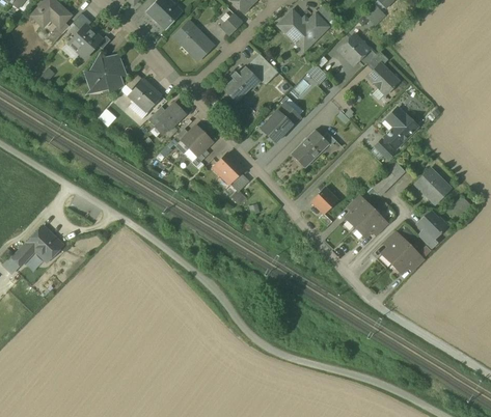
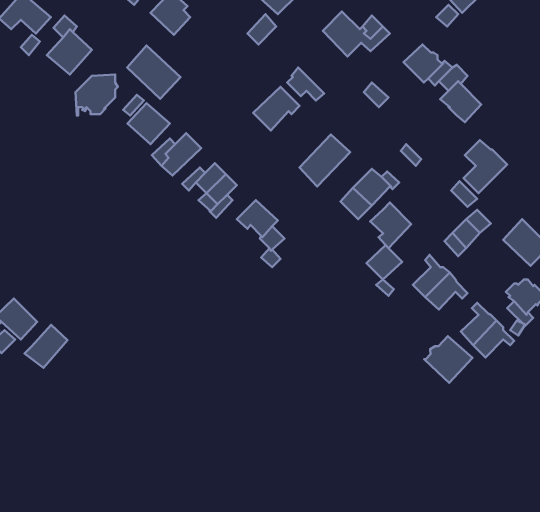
building: [173,21,214,61] -> [127,46,181,99]
building: none -> [370,202,411,248]
building: none -> [24,325,68,368]
building: none -> [424,336,472,383]

